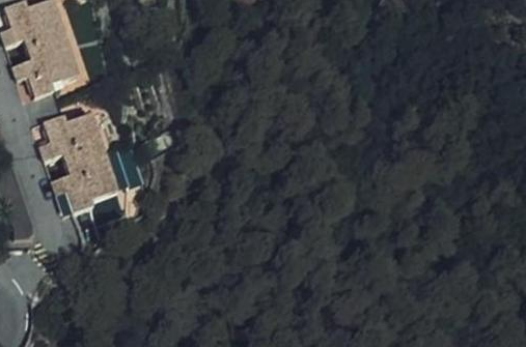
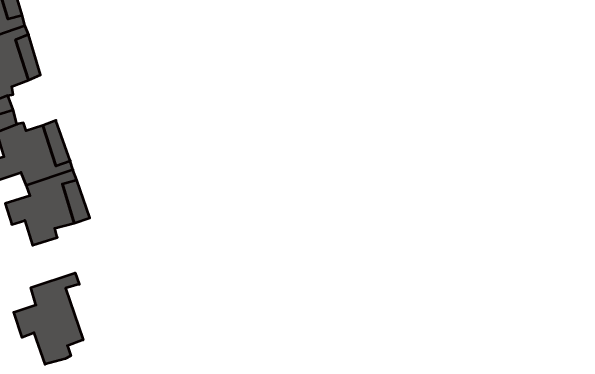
building: none -> [14,273,83,364]

